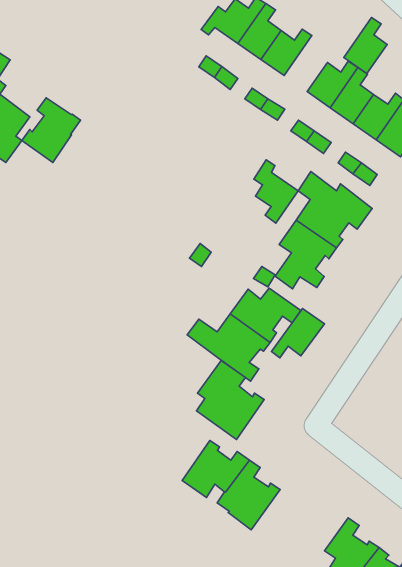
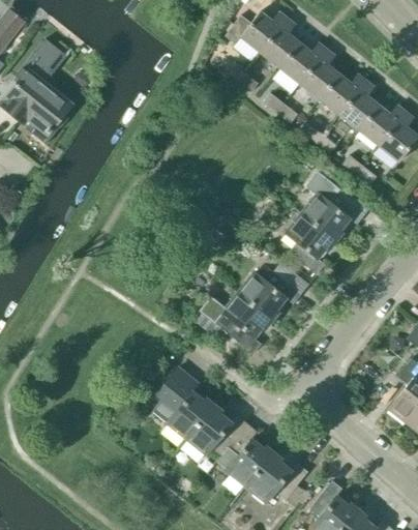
building: [344,18,387,74] -> [300,49,339,98]
building: [22,98,80,162] -> none
building: [254,160,298,223] -> none
building: [271,308,324,358] -> none
building: [196,360,264,440] -> [153,366,214,438]
building: none -> [246,451,308,502]

